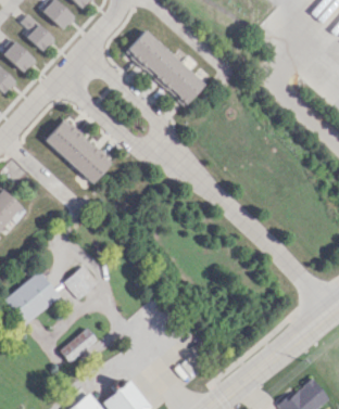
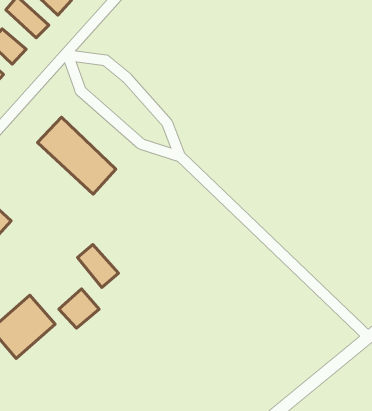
building: [125,29,204,105] -> none
building: none -> [77,244,118,288]
building: [59,328,97,362] -> none

